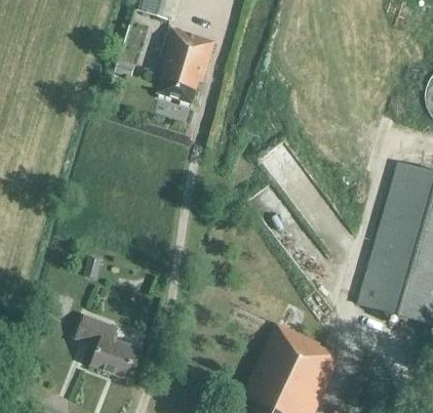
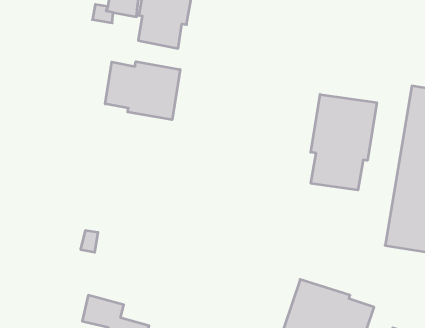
building: none -> [105,62,180,120]
building: none -> [311,94,377,190]

